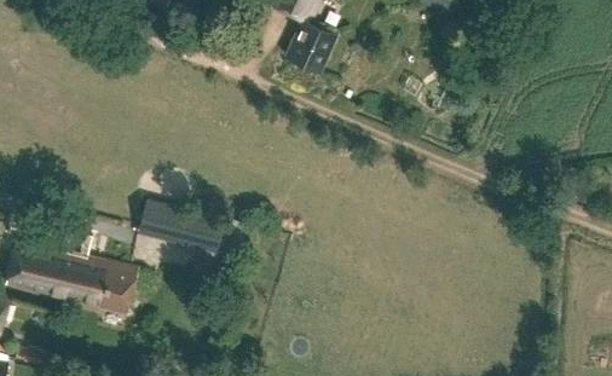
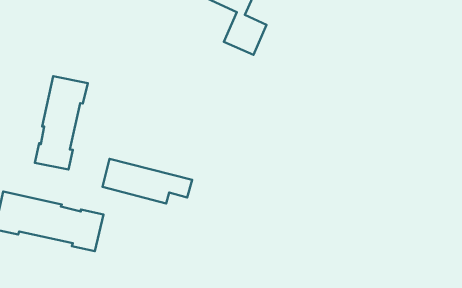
building: none -> [35,76,88,170]

